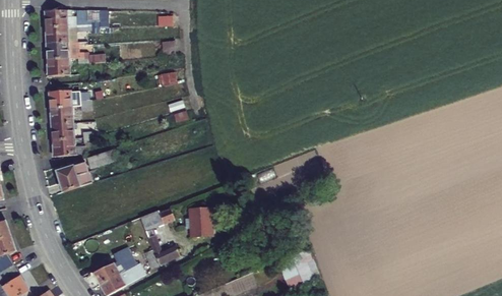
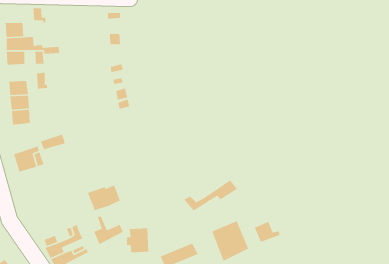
building: [46,10,72,26] -> none
building: [55,138,87,157] -> none
building: none -> [183,179,238,211]
building: [186,213,211,241] -> [126,227,149,253]
building: none -> [254,221,281,243]

